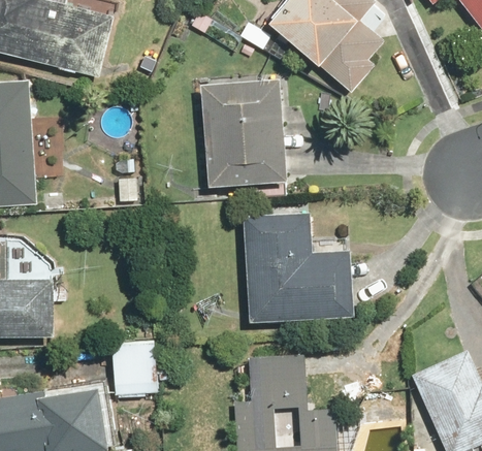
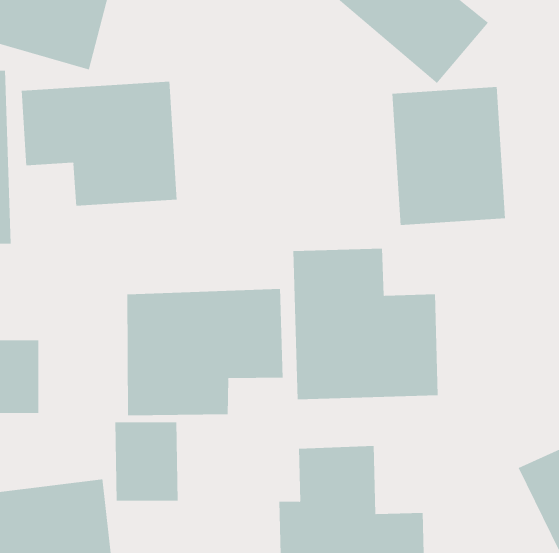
building: [203,84,288,187] -> [392,87,506,226]
building: none -> [21,81,177,206]
building: none -> [127,288,283,416]

